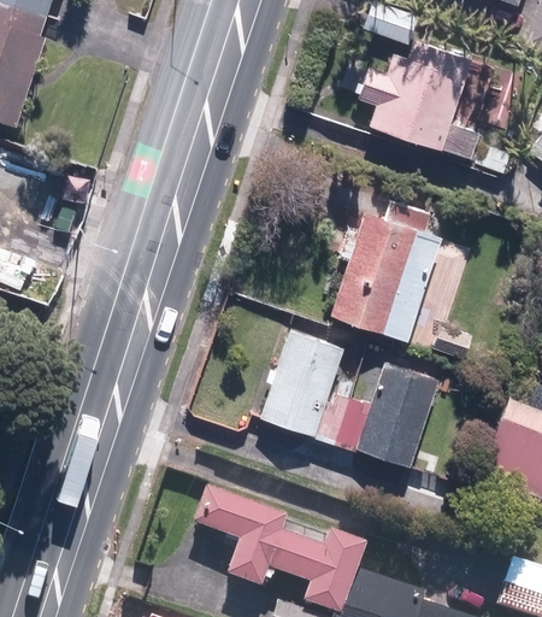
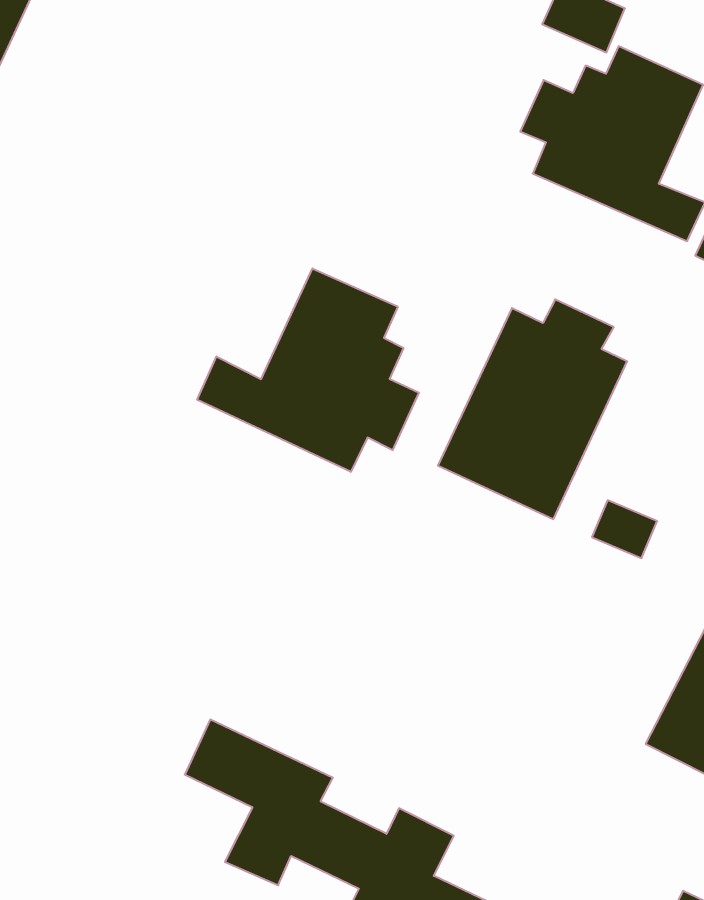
building: none -> [197,268,419,472]
building: [260,328,440,466] -> none

